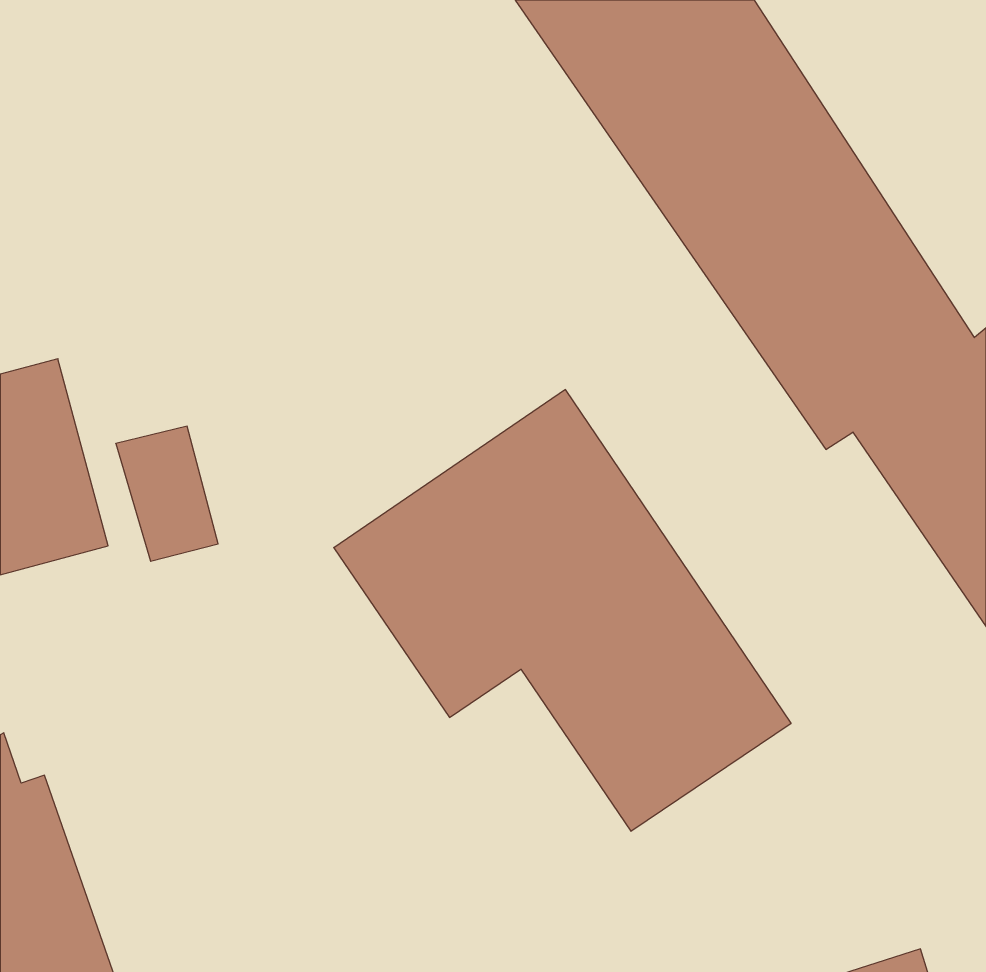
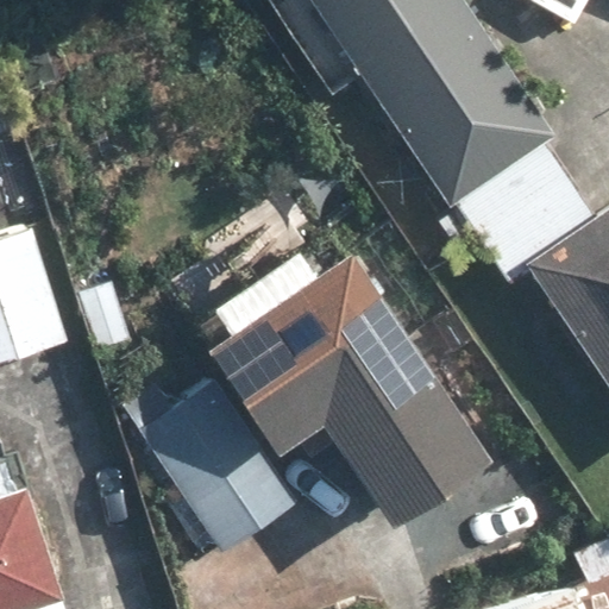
building: none -> [136,381,299,555]

